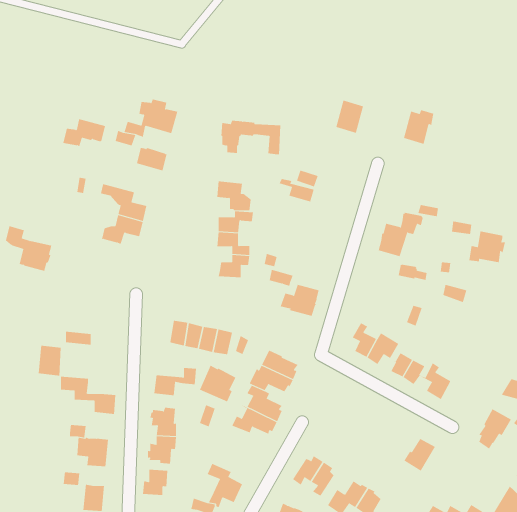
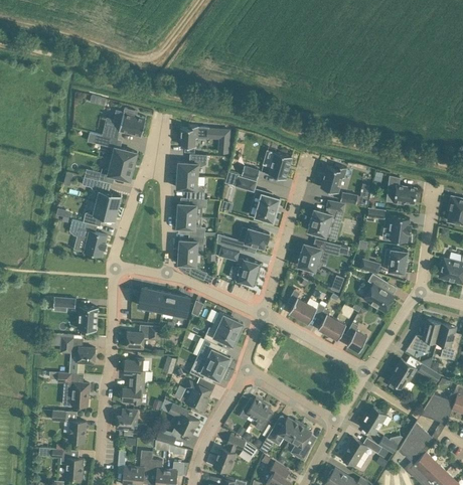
building: [335,100,364,133] -> [269,152,292,179]
building: [403,110,434,144] -> [321,165,346,193]
building: [63,118,106,147] -> [99,161,134,184]
building: none -> [178,154,207,177]
building: none -> [388,175,417,204]
building: none -> [255,189,280,222]
building: [5,226,52,272] -> [69,219,108,257]
building: none -> [236,228,270,254]
building: none -> [298,244,321,271]
building: none -> [383,248,408,273]
building: none -> [178,253,207,281]
building: none -> [364,274,394,311]
building: [38,345,62,376] -> [79,306,98,331]
building: [199,365,236,402] -> [180,380,210,411]
building: [404,438,436,472] -> [360,408,387,435]

